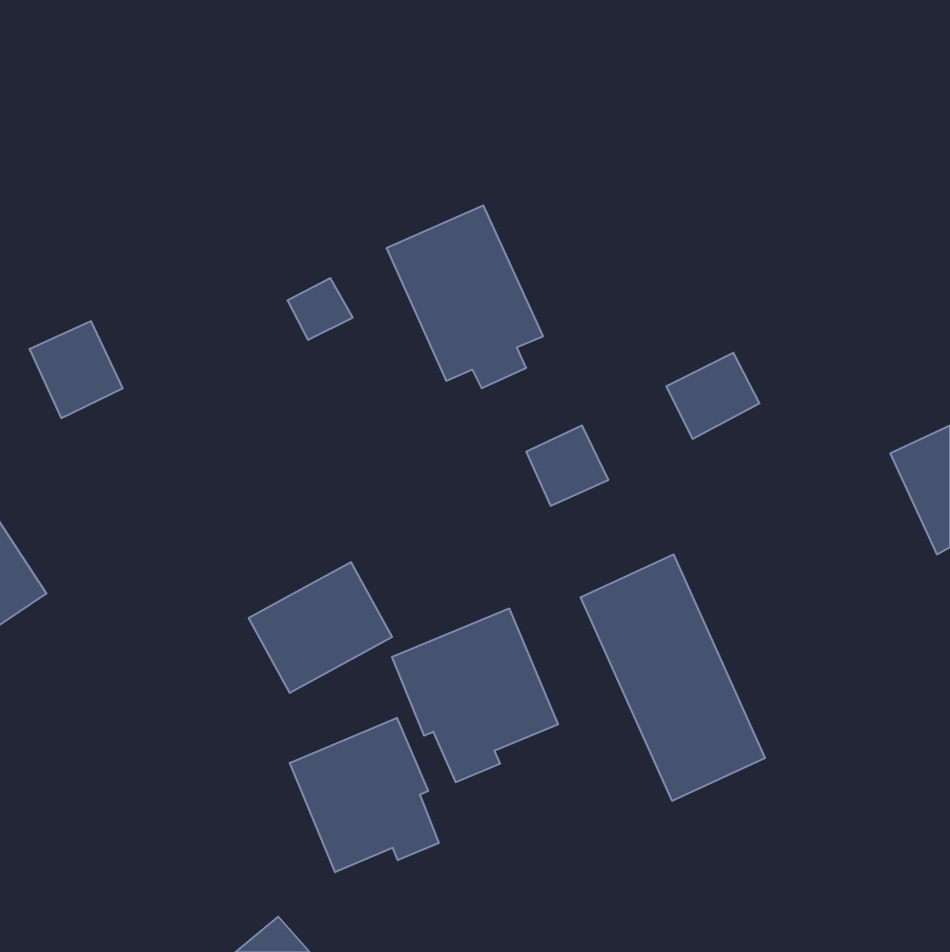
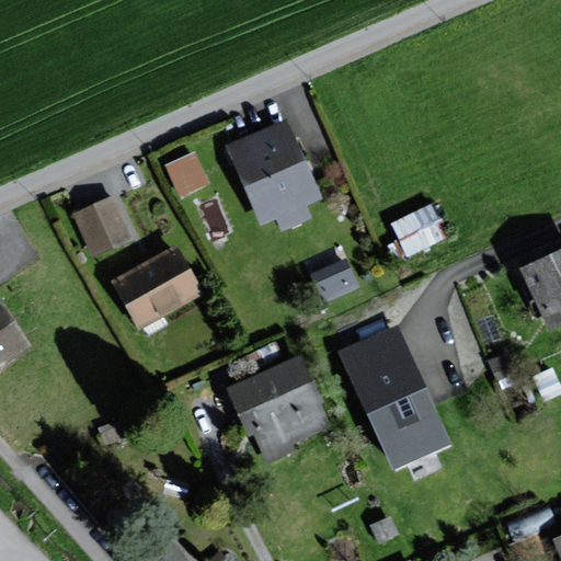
building: [29,321,123,418] -> [75,197,129,254]
building: [249,562,392,693] -> [115,248,199,324]
building: [290,718,439,872] -> none

